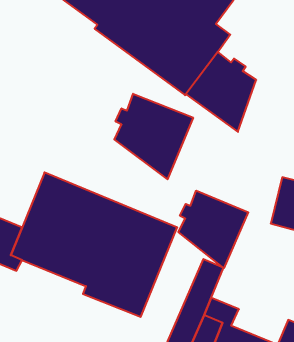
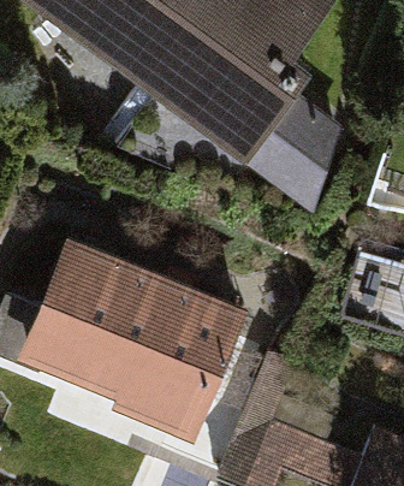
building: [114,94,193,179] -> none
building: [178,191,248,268] -> none

